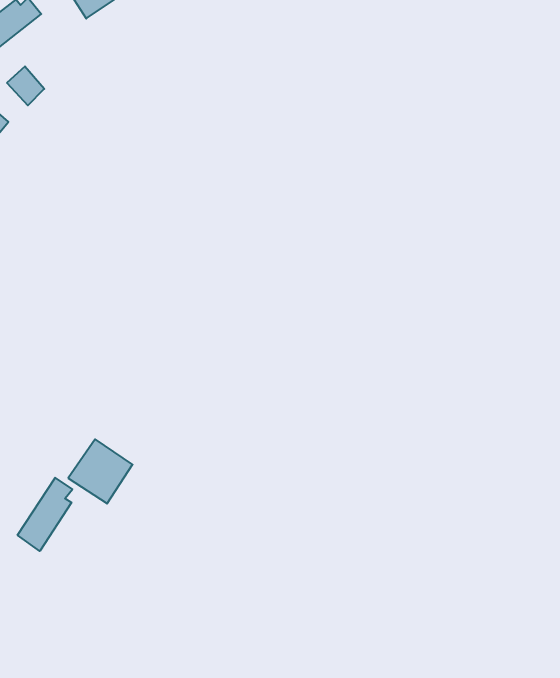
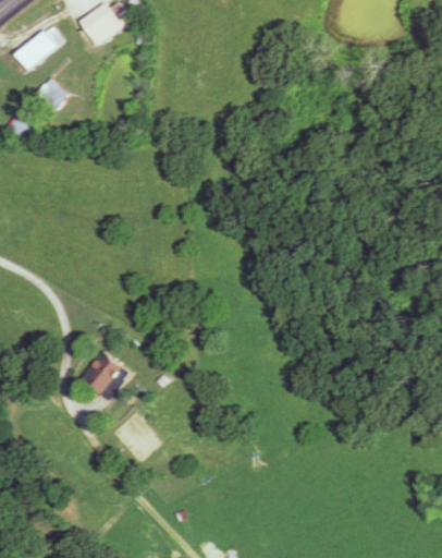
building: [18,478,72,551] -> none

